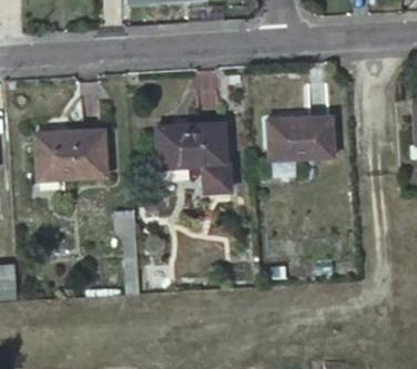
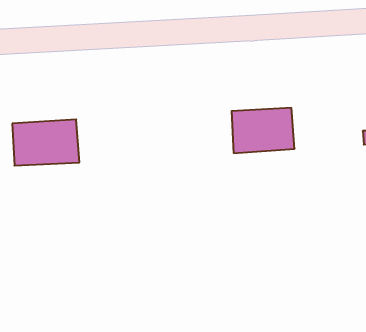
building: [159,123,233,193] -> none

